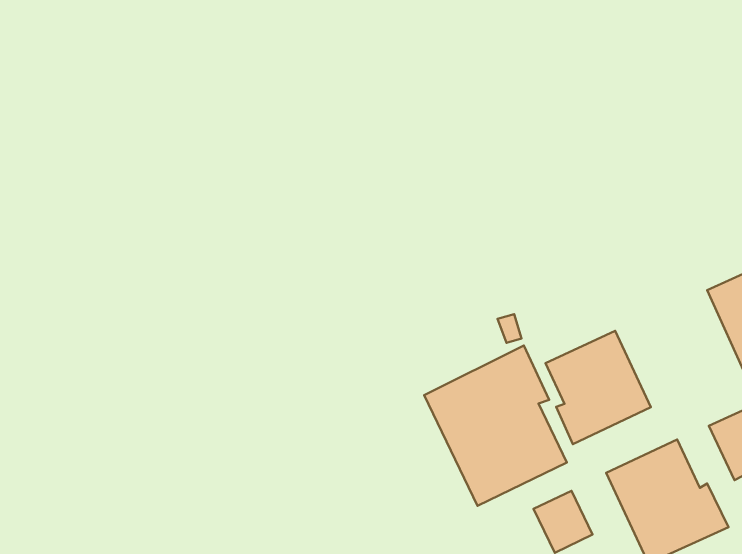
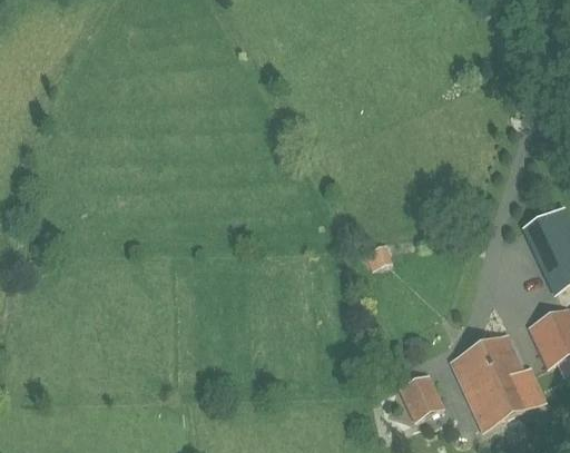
building: [545,331,651,444] -> none
building: [424,346,567,506] -> none

